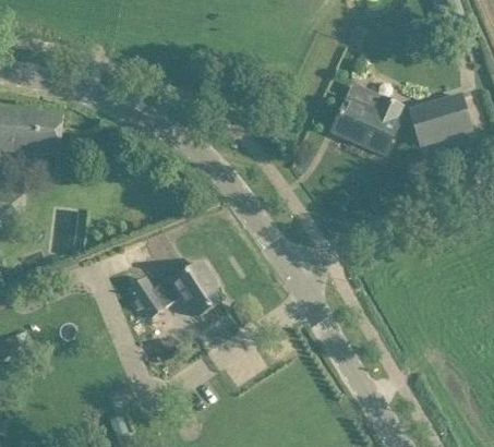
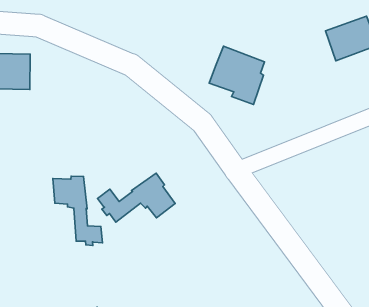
building: [335,83,401,154] -> [209,46,265,105]
building: none -> [53,176,102,246]

